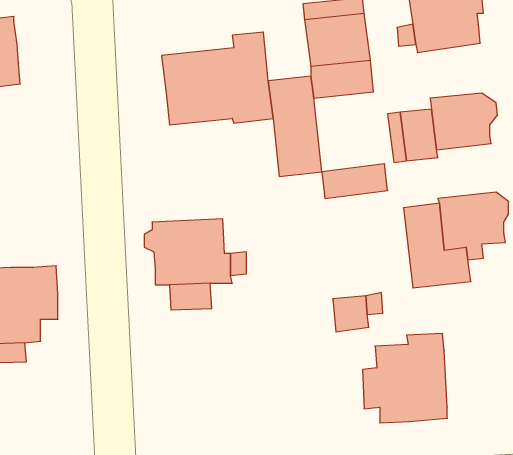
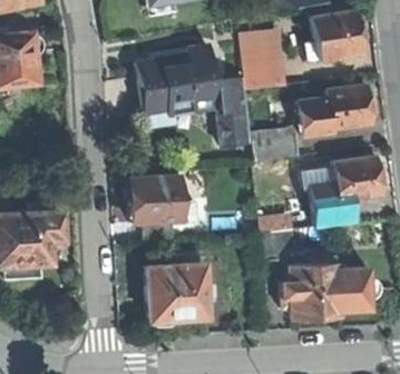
building: none -> [143,249,213,325]
building: none -> [335,265,370,307]

